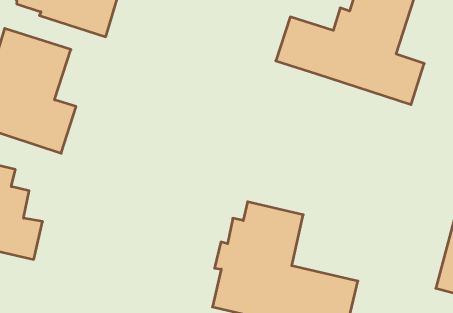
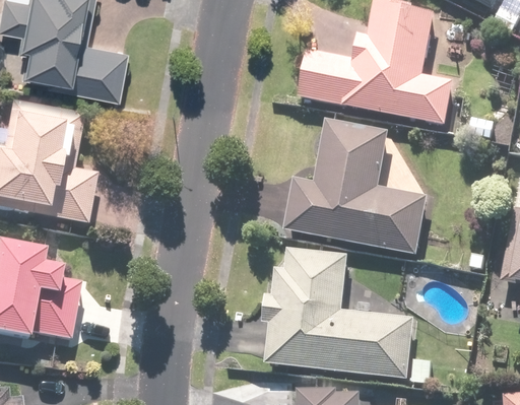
building: none -> [283,120,428,255]

